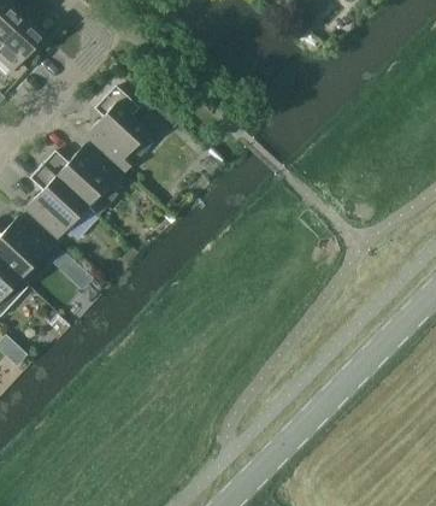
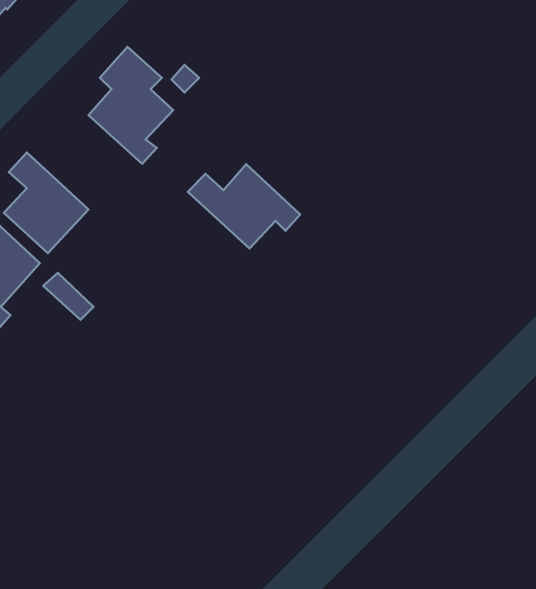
building: [41,143,124,206] -> [188,164,300,249]

